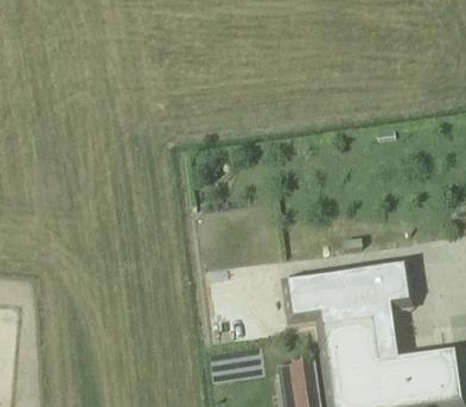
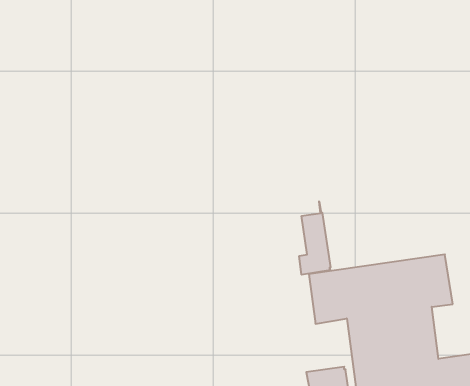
building: none -> [299,201,330,275]

